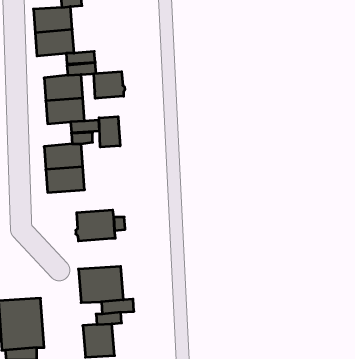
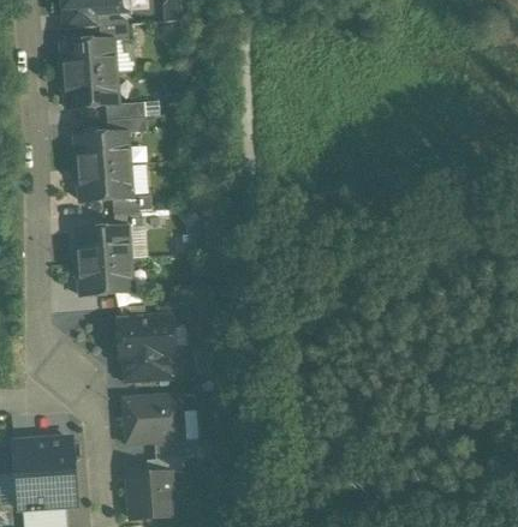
building: [94,72,125,98] -> none
building: [99,117,120,147] -> none
building: none -> [125,355,169,383]

